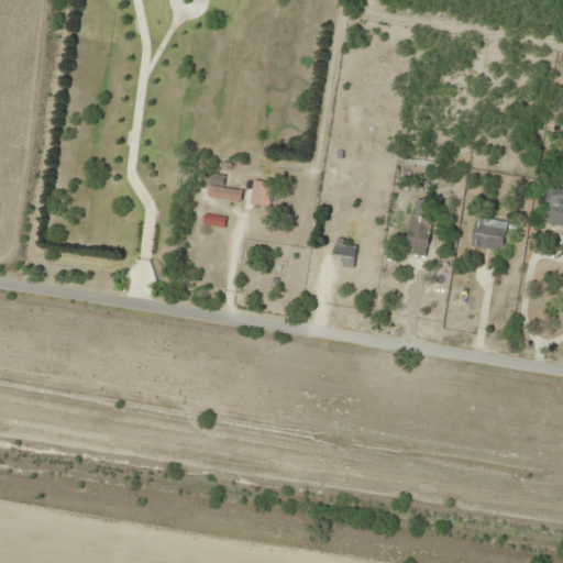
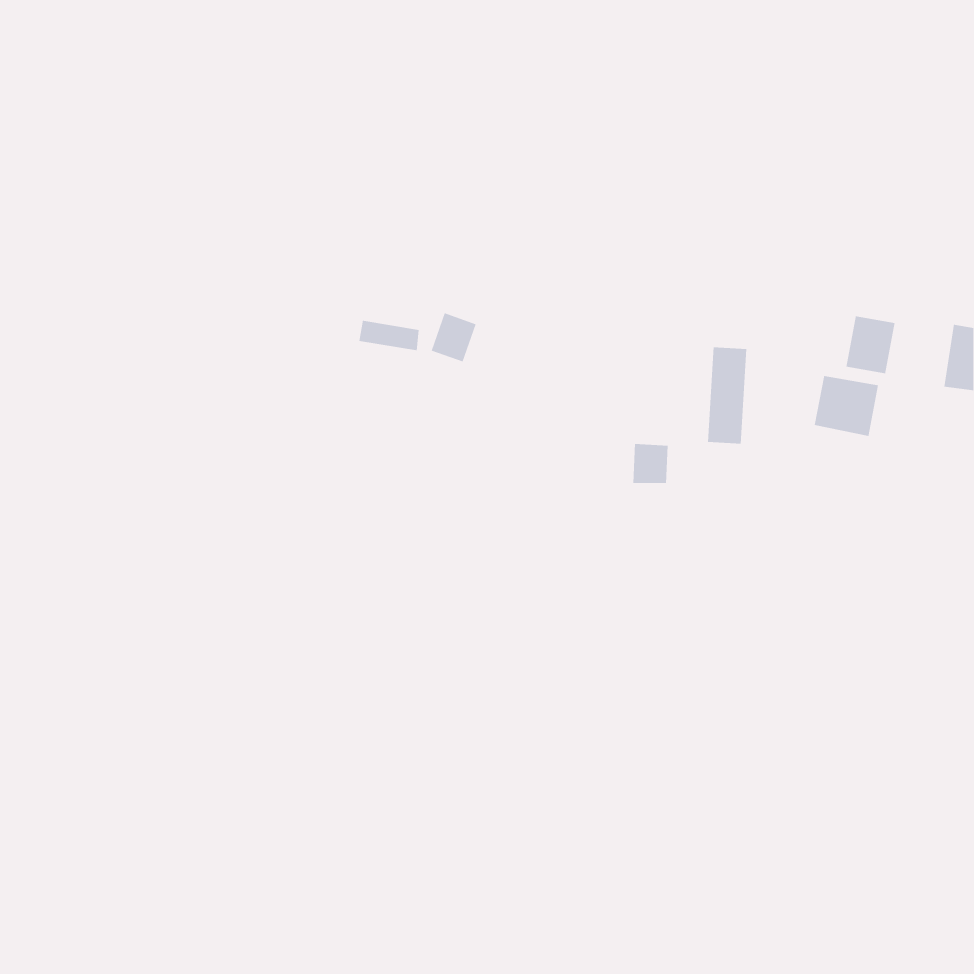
building: none -> [846,315,895,374]
building: [334,242,355,265] -> [632,443,669,484]

